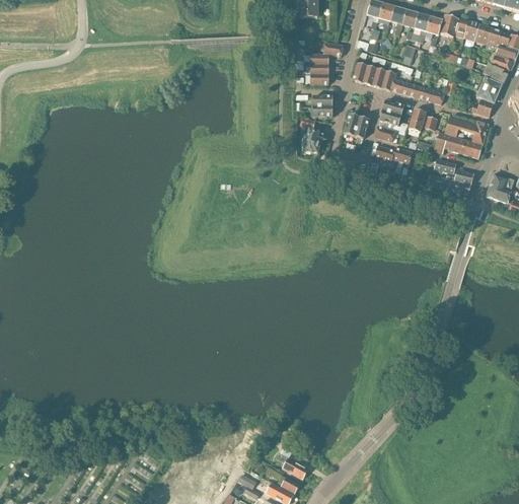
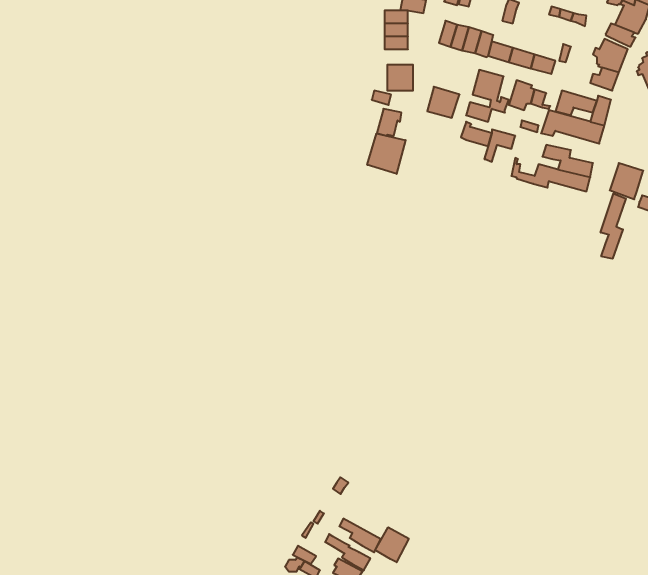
building: none -> [367,133,406,174]
building: none -> [601,193,626,259]
building: none -> [375,527,409,562]

